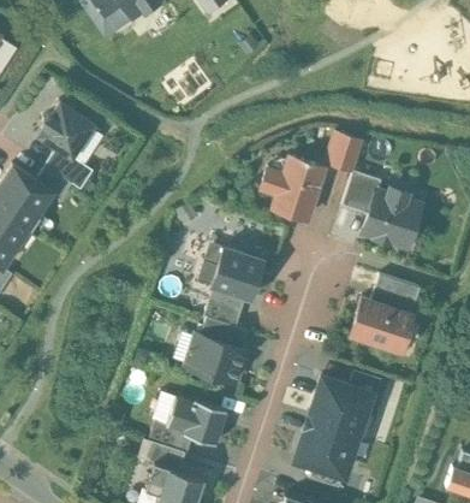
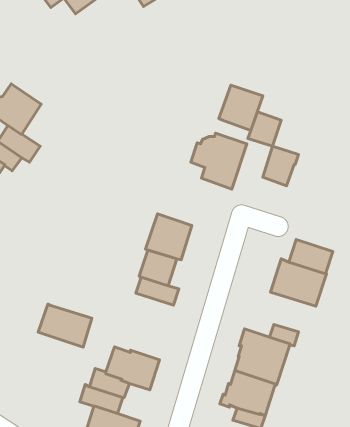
building: none -> [219,85,263,131]
building: [363,189,420,248] -> none
building: [185,336,245,384] -> [38,304,92,347]

